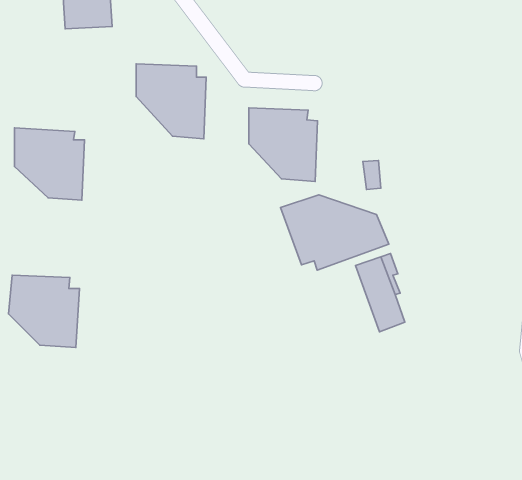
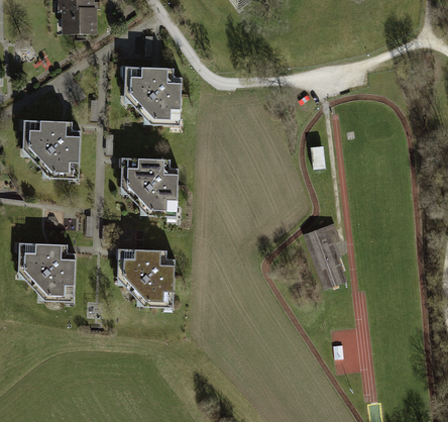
building: [249,108,318,181] -> [120,156,178,218]
building: [281,195,389,270] -> none
building: none -> [119,249,174,308]

